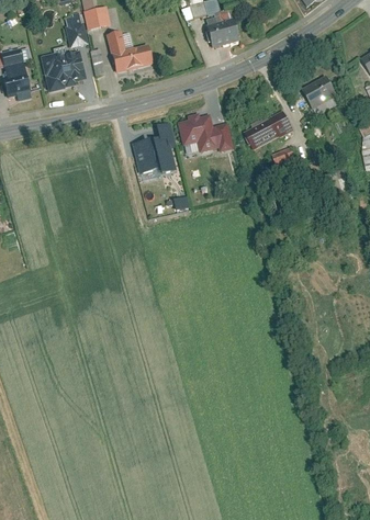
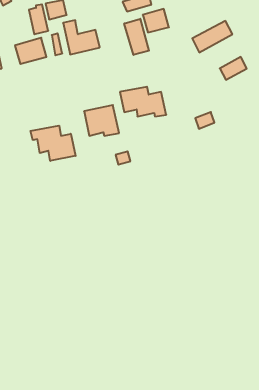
building: none -> [124,19,149,55]
building: [242,110,292,149] -> [192,21,232,52]
building: none -> [30,126,76,161]

